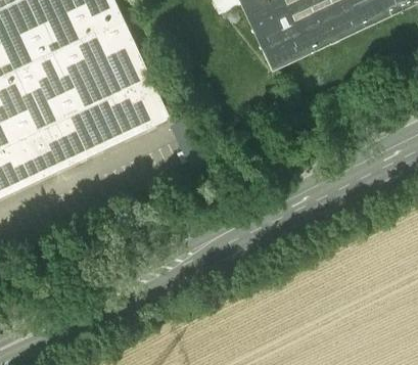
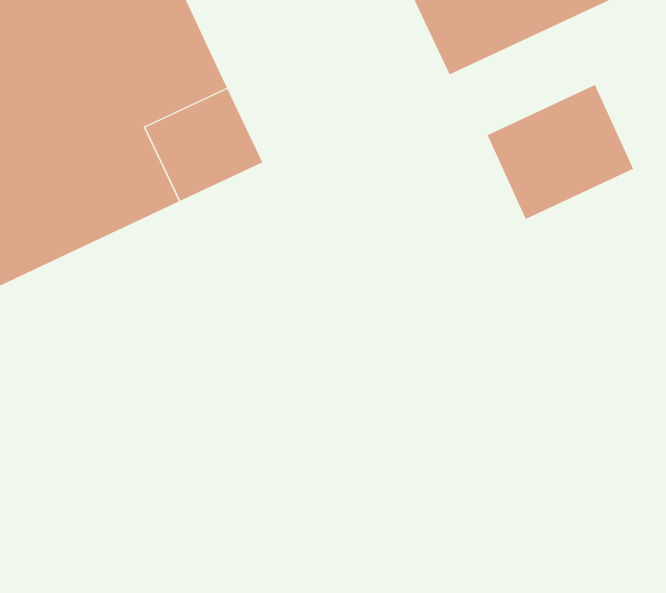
building: none -> [487,84,634,220]

